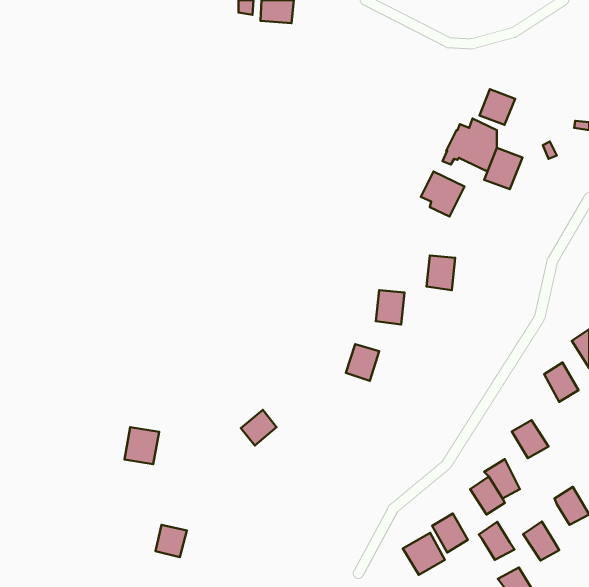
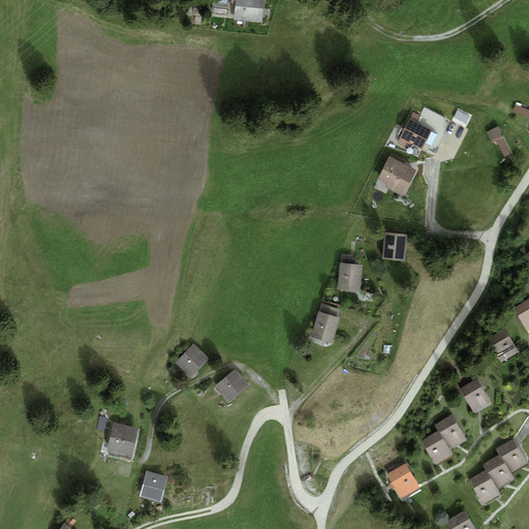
building: [479,89,515,125] -> none
building: [484,148,522,189] -> none
building: none -> [176,344,208,376]
building: [124,427,159,464] -> [106,423,137,456]
building: [479,522,515,560] -> [483,454,515,488]
building: [403,533,445,575] -> none

